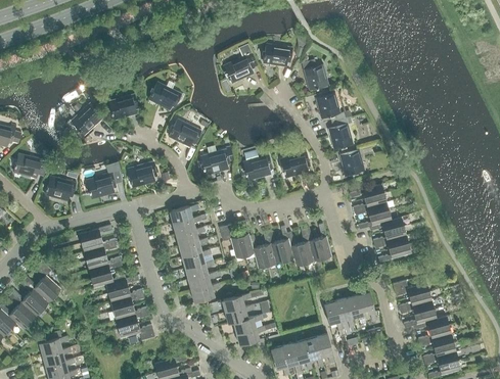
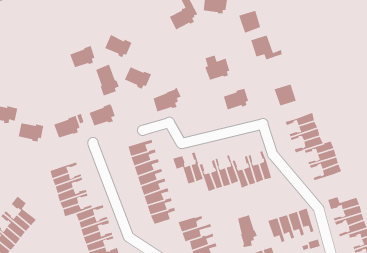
building: [71,103,101,135] -> none
building: none -> [95,64,120,97]
building: [327,124,353,150] -> none
building: [242,150,272,180] -> [204,55,231,81]
building: none -> [237,214,258,248]

